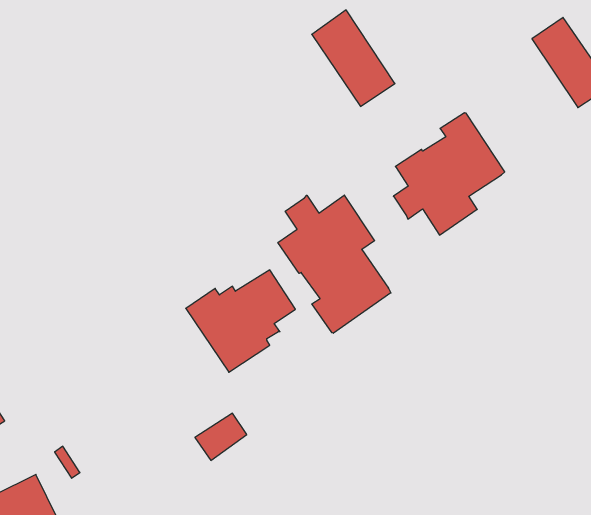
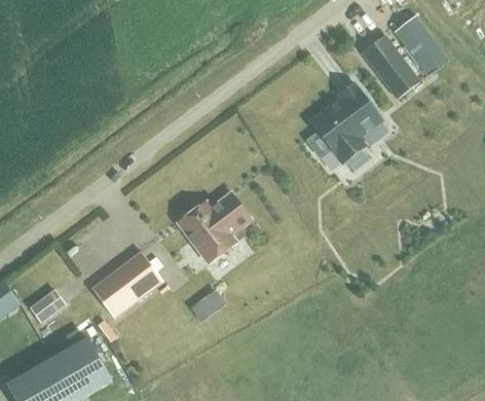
building: [312,10,395,106] -> [363,35,419,98]
building: [278,195,391,333] -> none
building: none -> [91,251,163,319]

